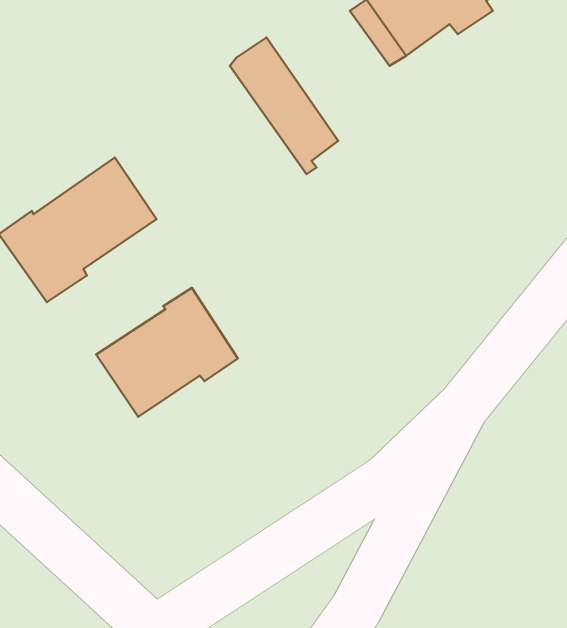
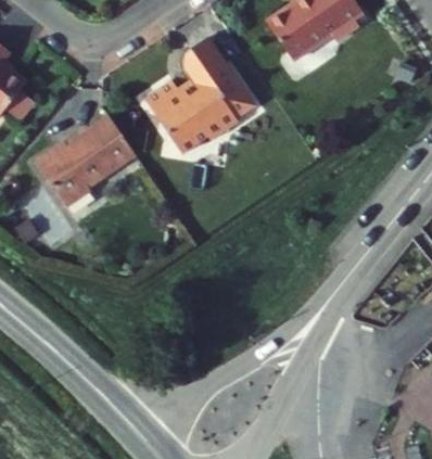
building: none -> [147,56,238,155]
building: [96,288,238,417] -> none

